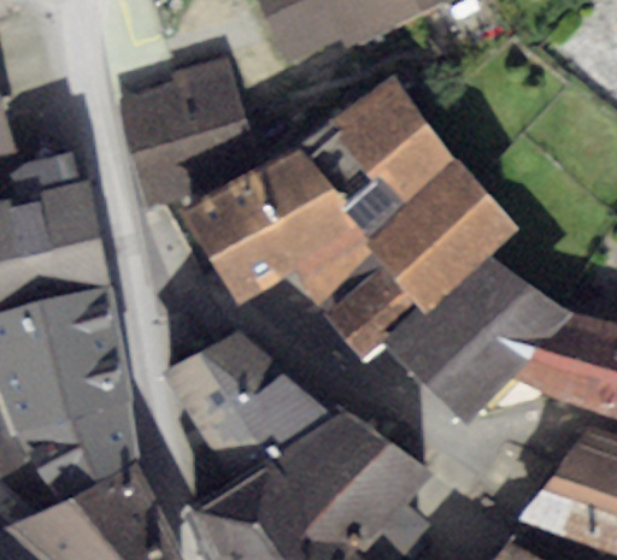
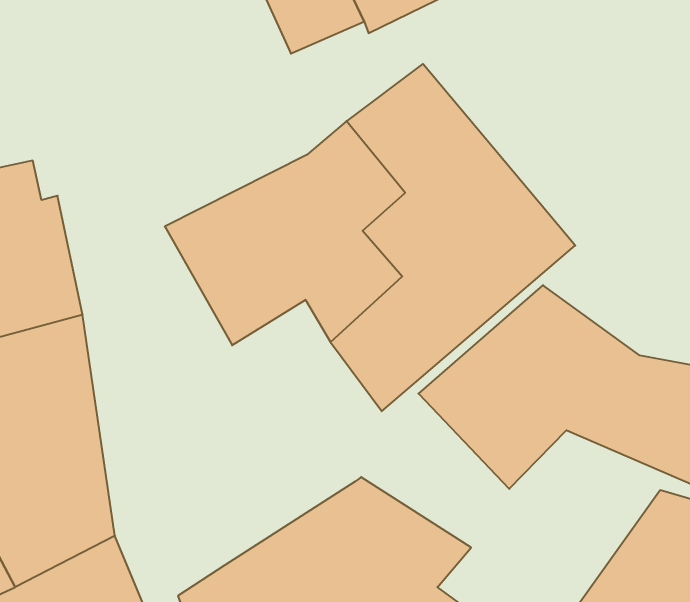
building: [117,55,258,206] -> none
building: [165,332,336,487] -> none

